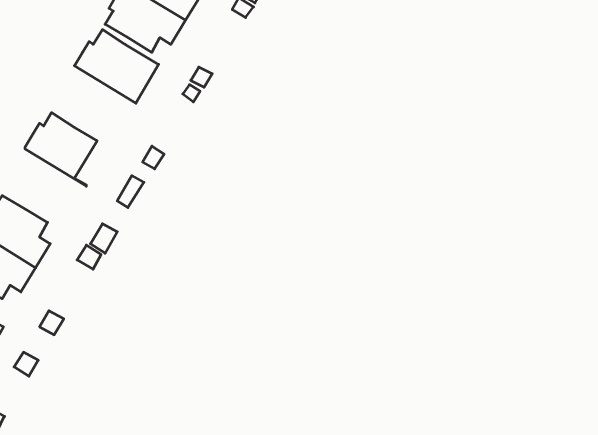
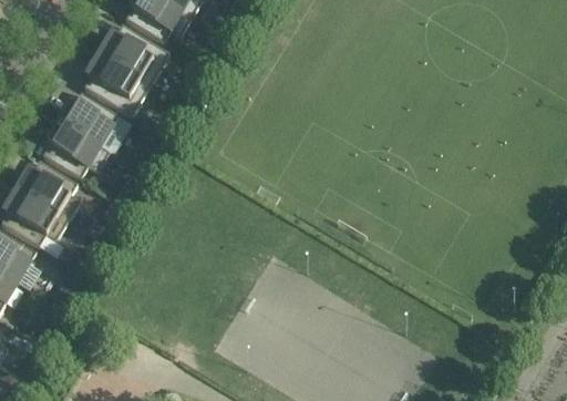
building: none -> [81,56,147,119]
building: none -> [40,125,106,182]

